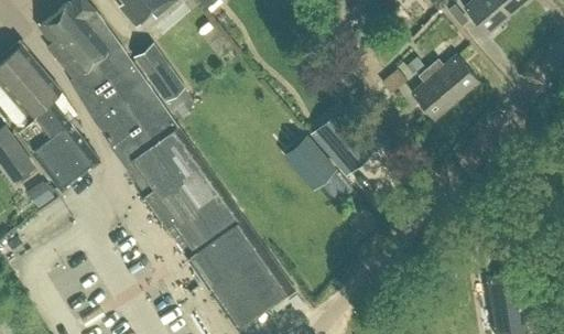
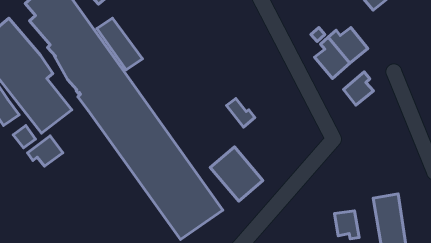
building: [311,109,378,179] -> [210,147,263,201]
building: none -> [344,72,373,105]
building: none -> [27,136,63,166]
building: none -> [335,211,359,239]

